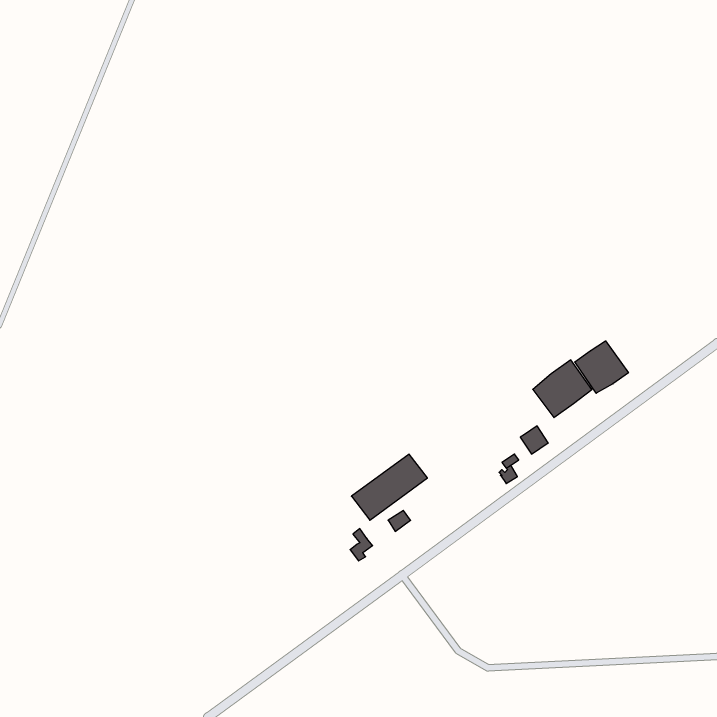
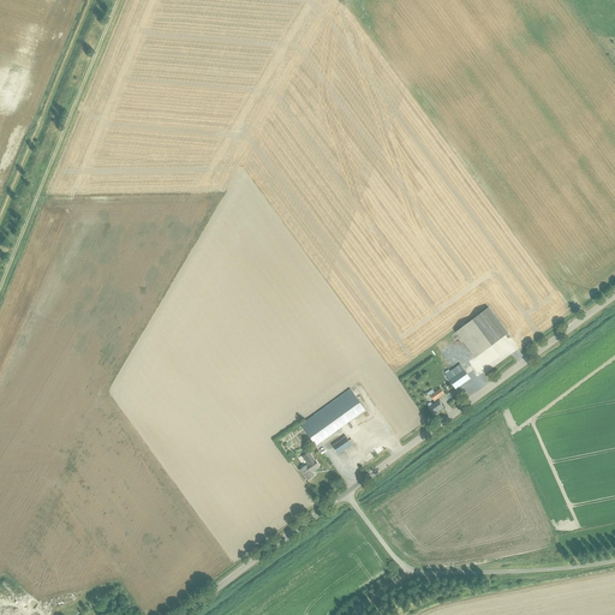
building: [575,341,628,393] -> none

